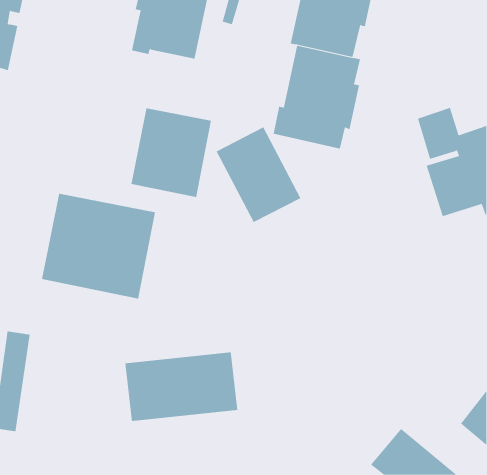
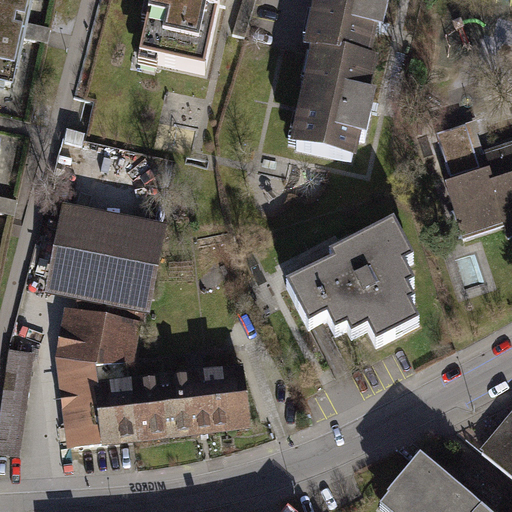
building: [131,108,211,198] -> none
building: [216,127,301,223] -> none
building: none -> [287,213,421,337]
building: none -> [58,309,137,449]

